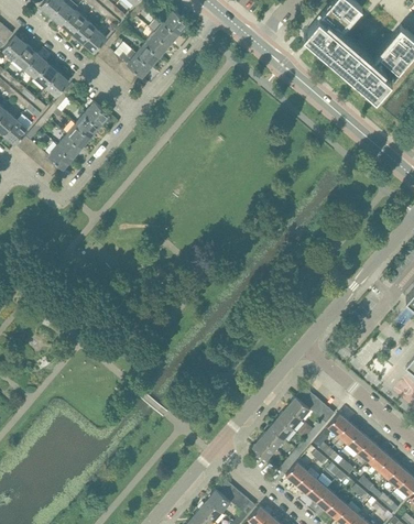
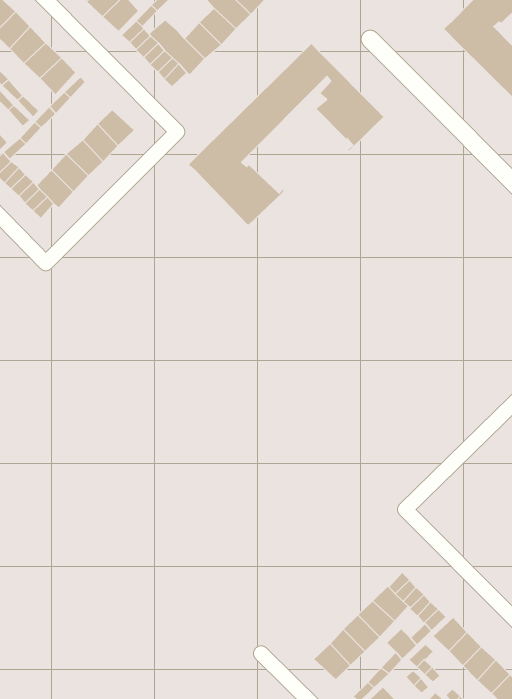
building: none -> [187,43,384,225]

